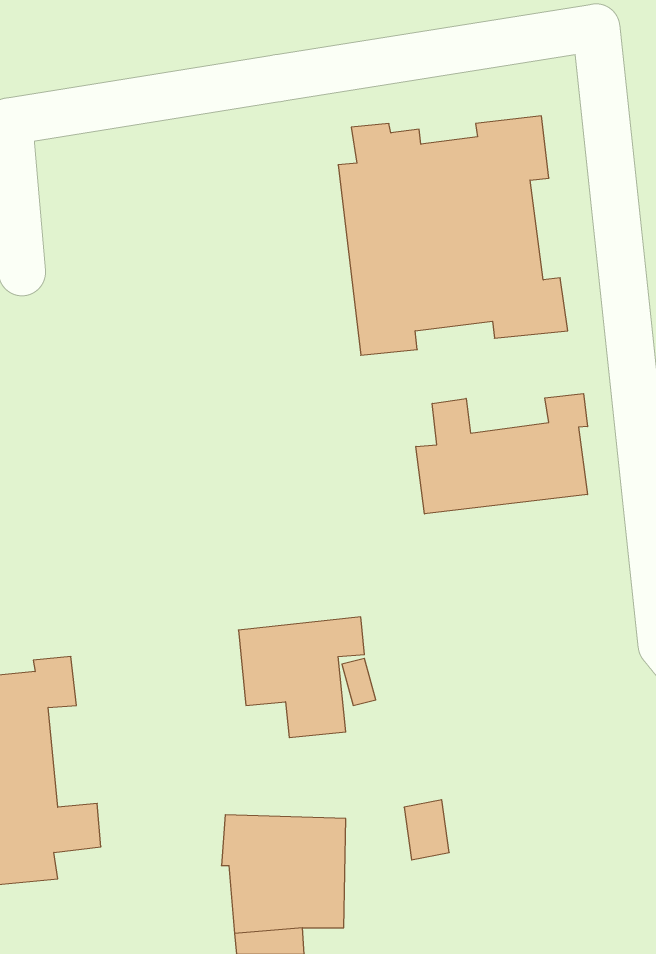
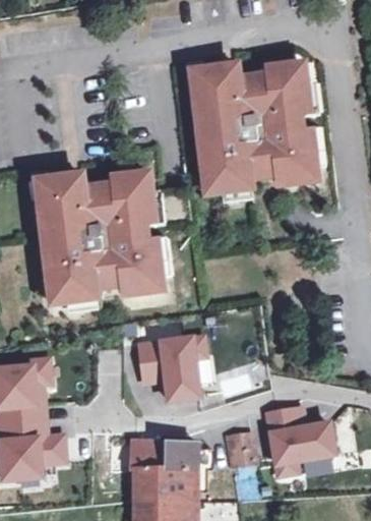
building: none -> [39,174,163,303]
building: [416,394,588,514] -> none
building: none -> [267,408,332,475]

